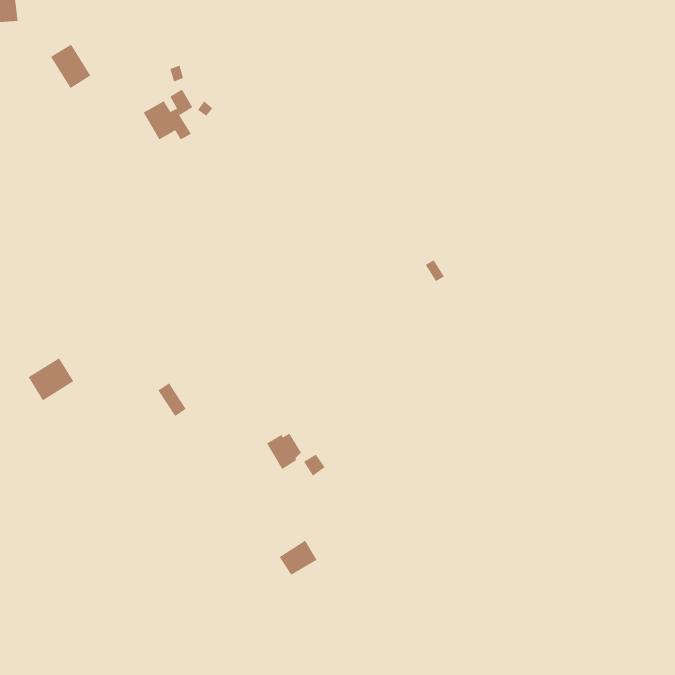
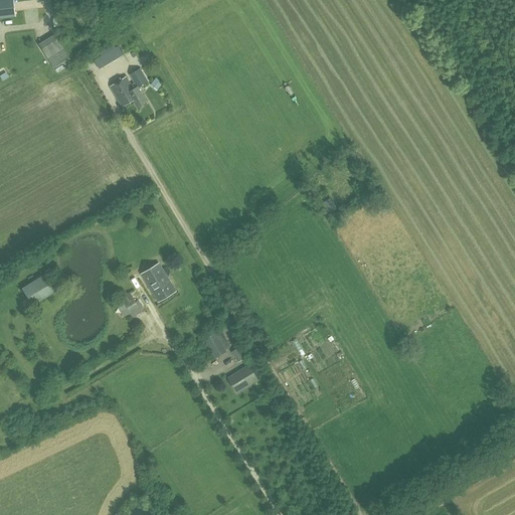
building: none -> [94,41,122,68]
building: none -> [144,262,171,299]
building: [279,540,317,576] -> [227,364,256,391]

